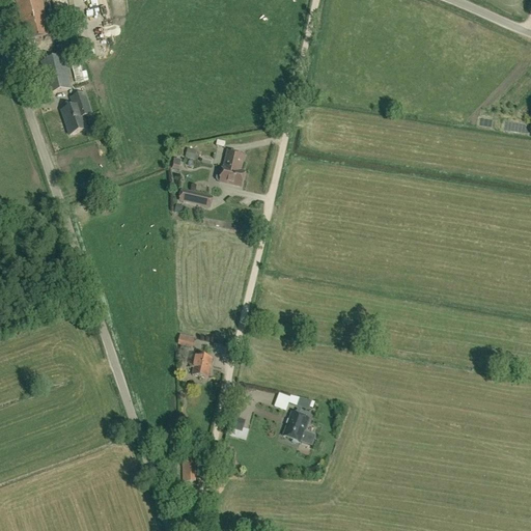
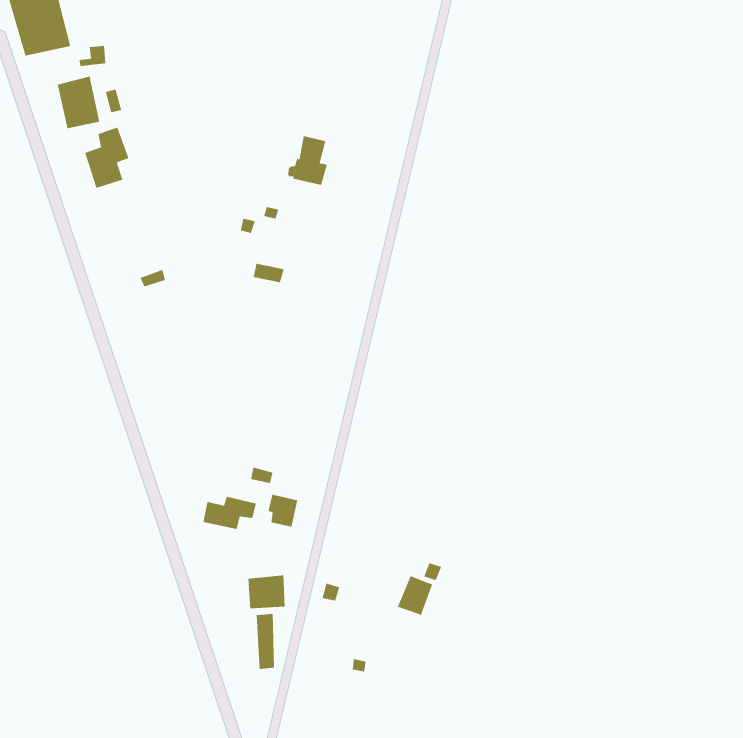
building: [217,148,246,185] -> [287,135,328,186]
building: none -> [203,496,257,530]
building: none -> [248,575,286,609]

